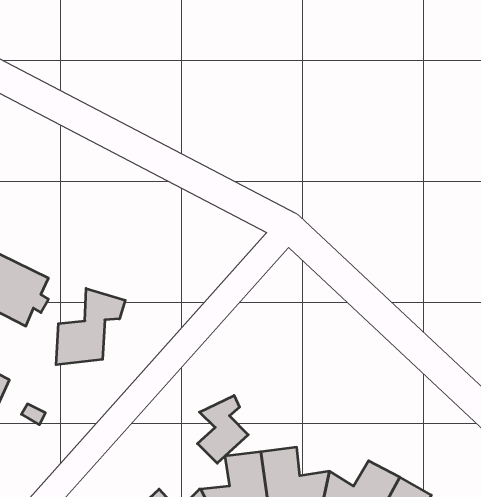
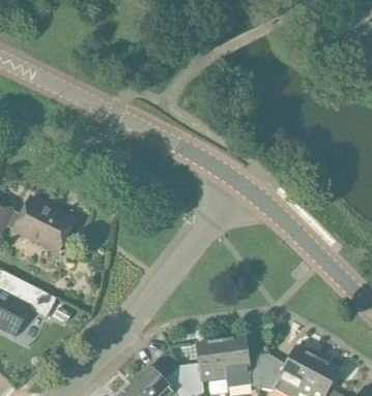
building: [56,288,125,365] -> none
building: [197,395,248,463] -> none

